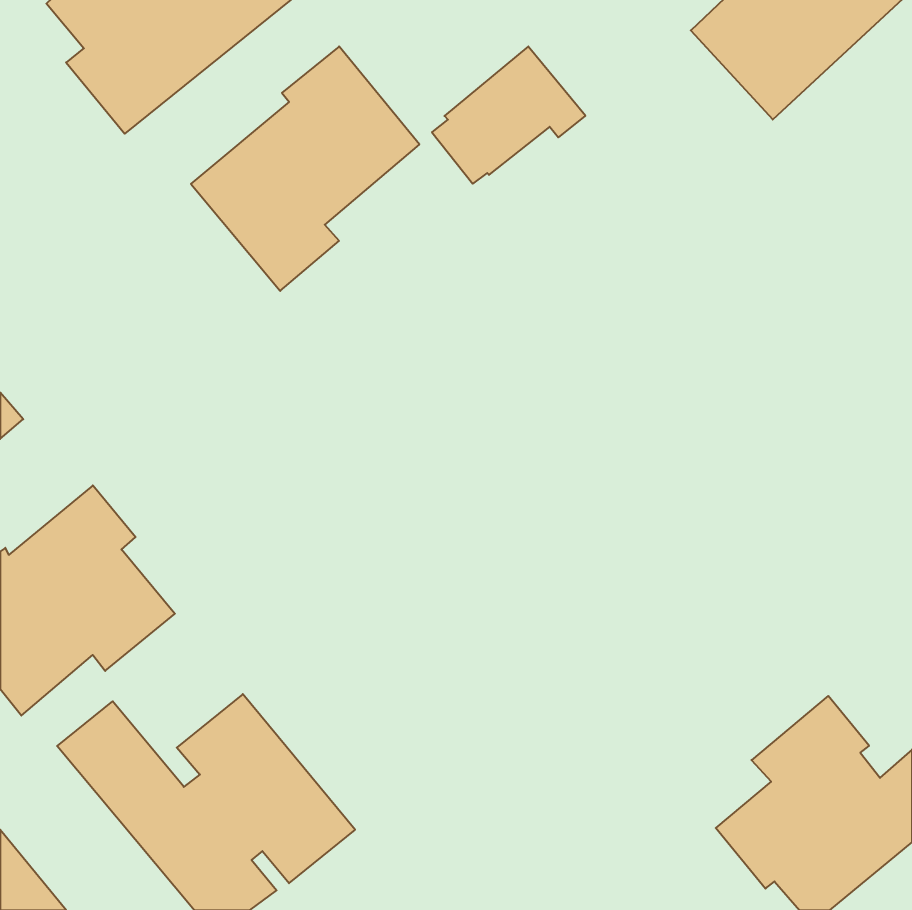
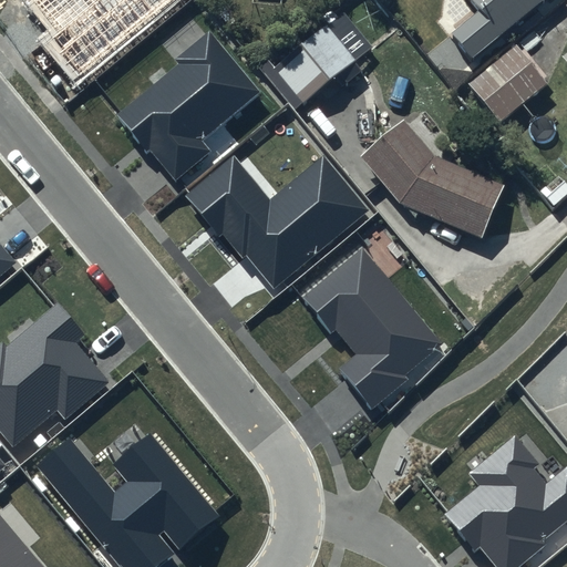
building: none -> [468,50,547,126]
building: none -> [359,123,508,246]
building: none -> [185,154,369,287]
building: none -> [299,245,443,409]

